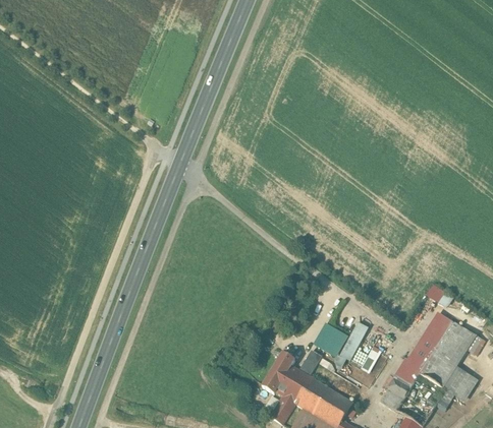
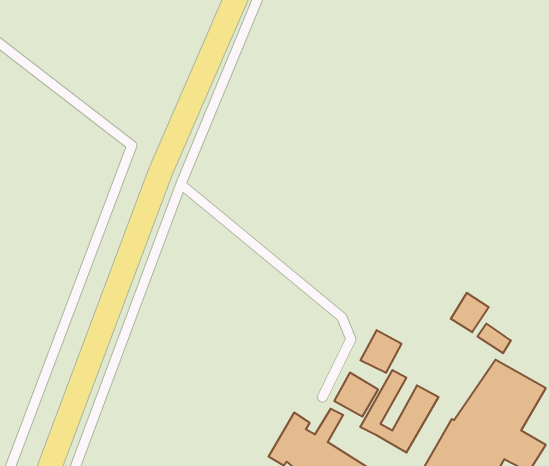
building: none -> [451,293,489,332]
building: none -> [360,330,401,373]

